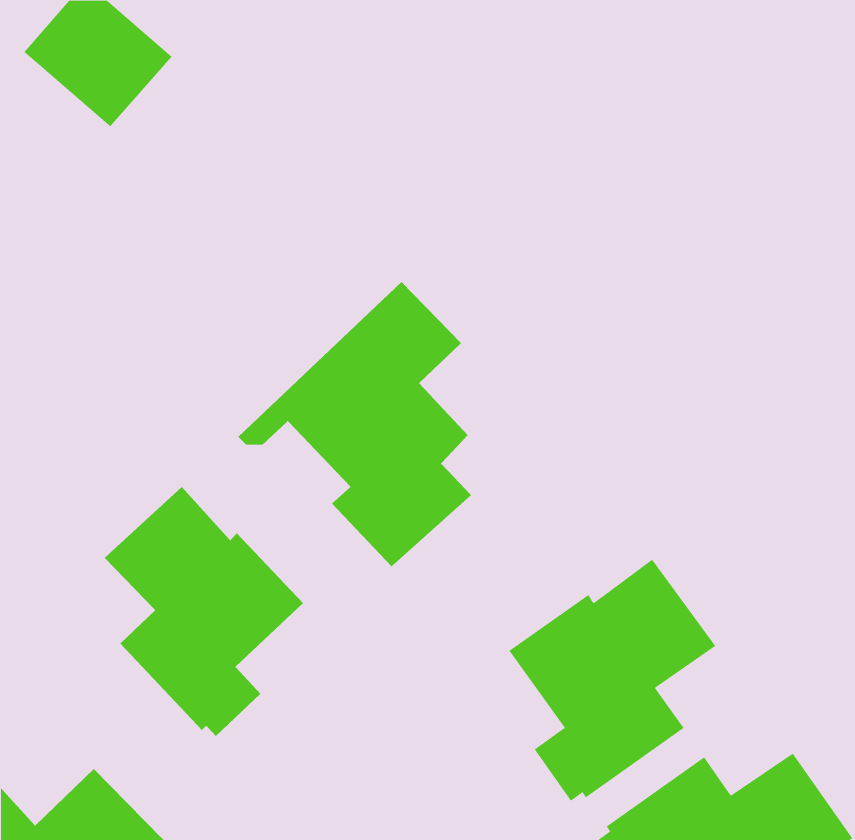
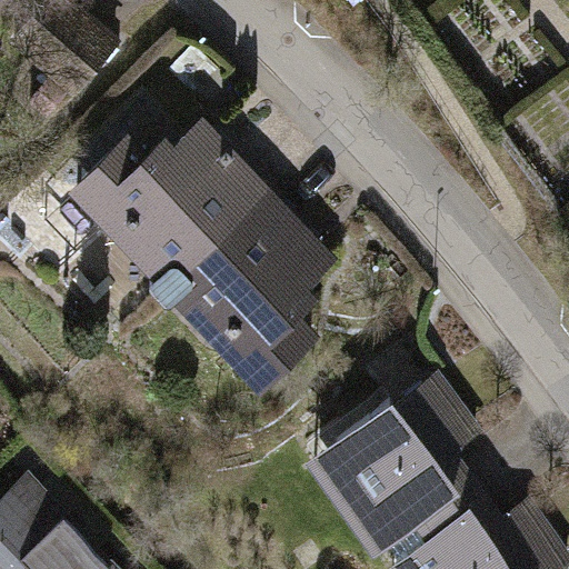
building: none -> [77,146,267,300]
building: [104,486,304,737] -> none

